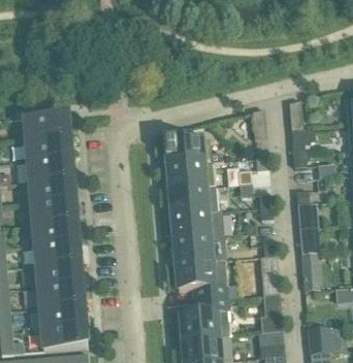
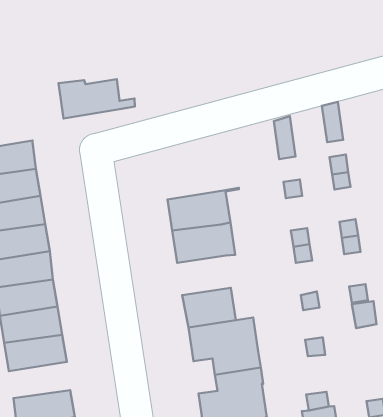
building: [165,135,222,163] -> [58,79,135,118]
building: [171,208,211,236] -> none
building: [38,280,84,305] -> none

